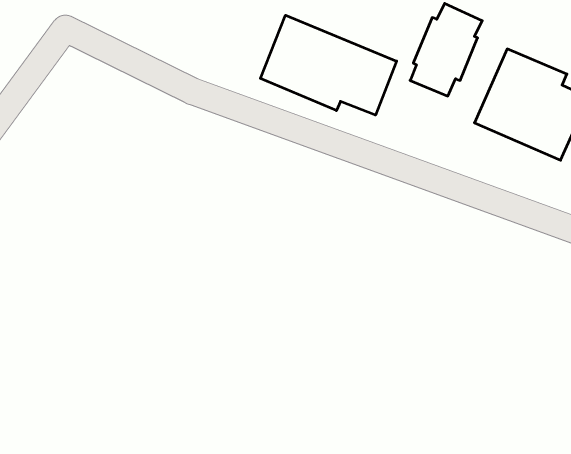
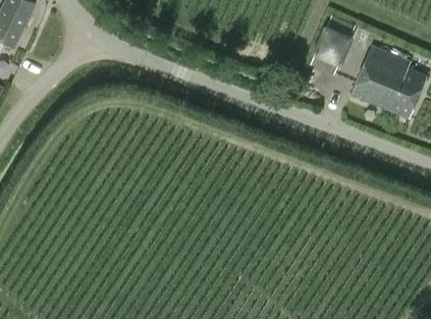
building: [260,15,397,115] -> none

